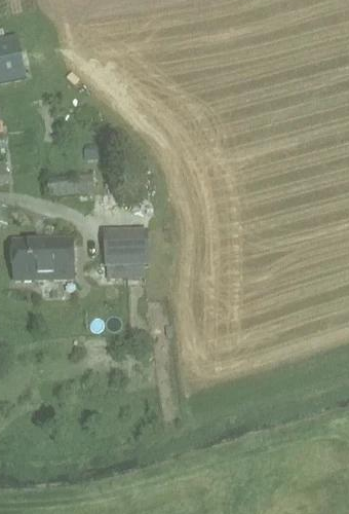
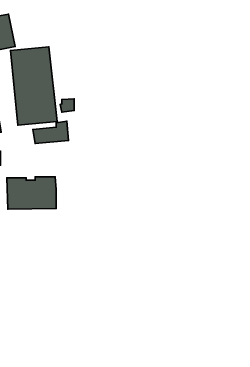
building: none -> [10,47,57,125]
building: [104,230,145,278] -> none

